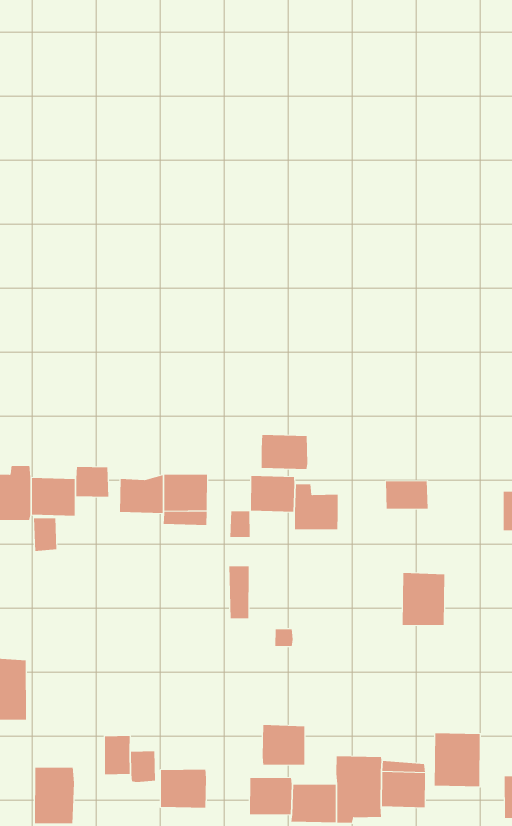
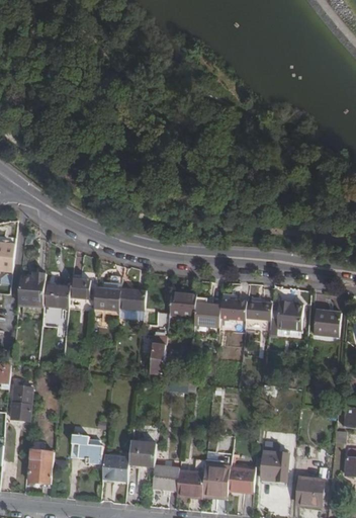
building: [261,435,308,469] -> [218,298,247,321]
building: [402,573,445,626] -> [274,307,301,339]
building: [262,725,305,765] -> [129,439,156,464]

